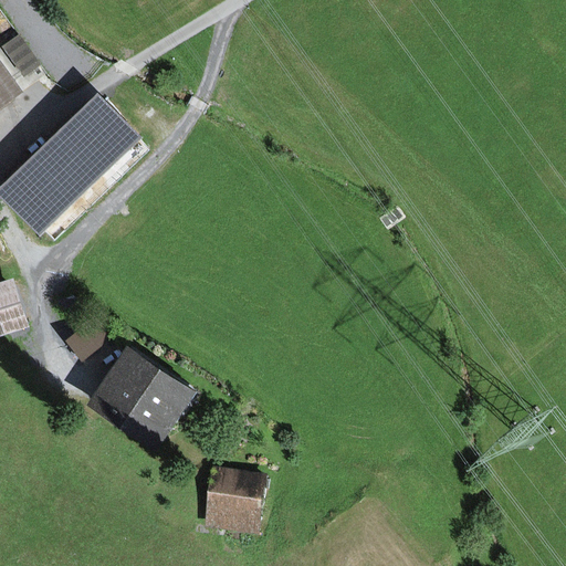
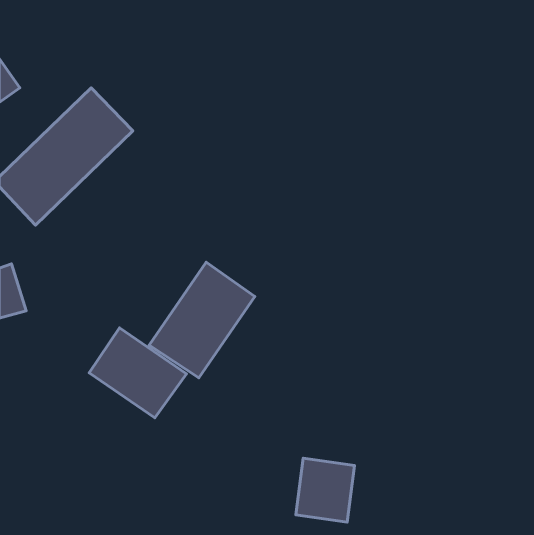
building: none -> [149,262,255,378]
building: [203,467,265,534] -> [296,458,355,522]

